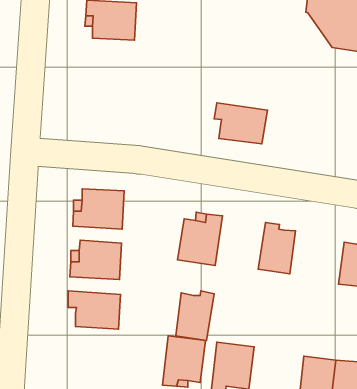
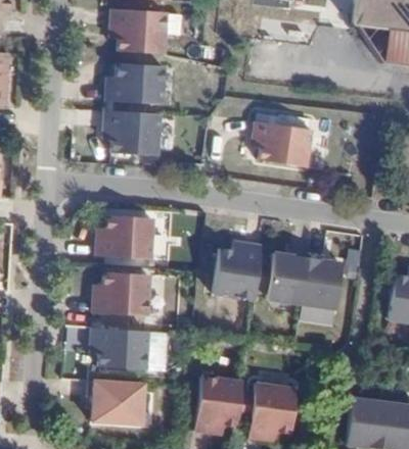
building: none -> [106,63,164,103]
building: none -> [104,111,160,155]
building: [176,291,214,341] -> [265,249,307,303]
building: none -> [88,381,143,423]

